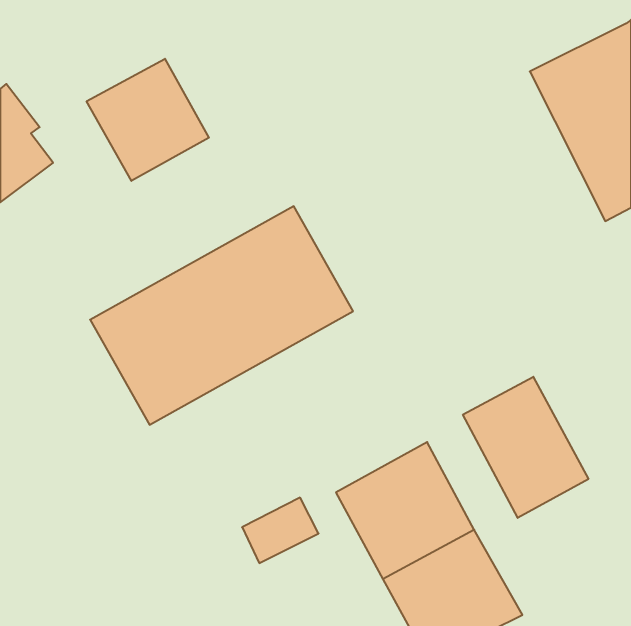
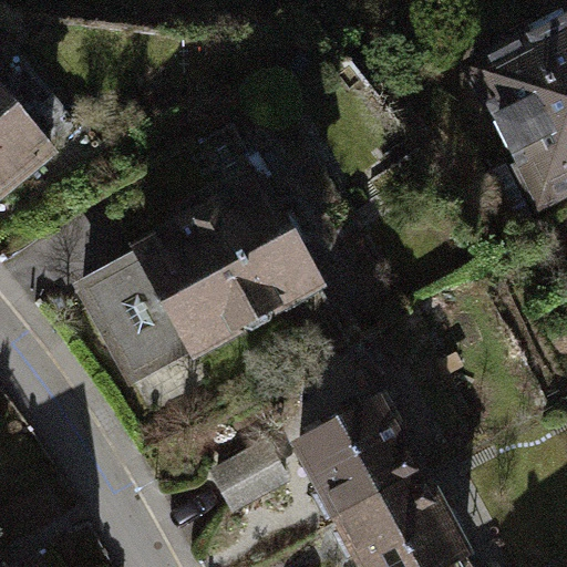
building: [87,59,209,181] -> none
building: [463,377,588,518] -> none

